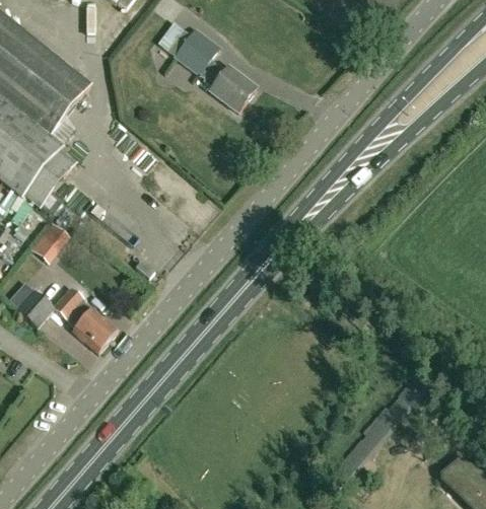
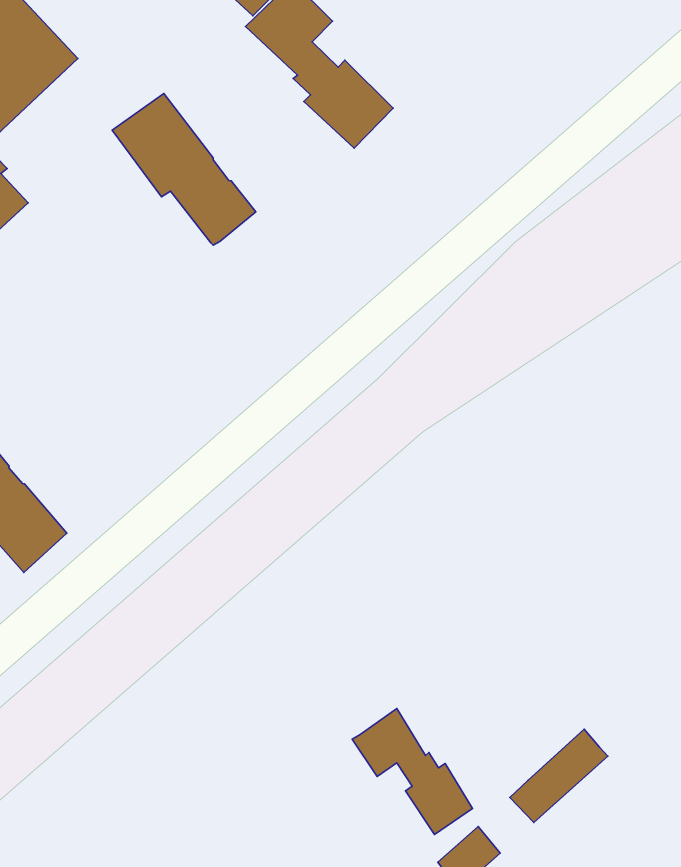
building: none -> [112,93,256,245]
building: none -> [352,709,472,835]

